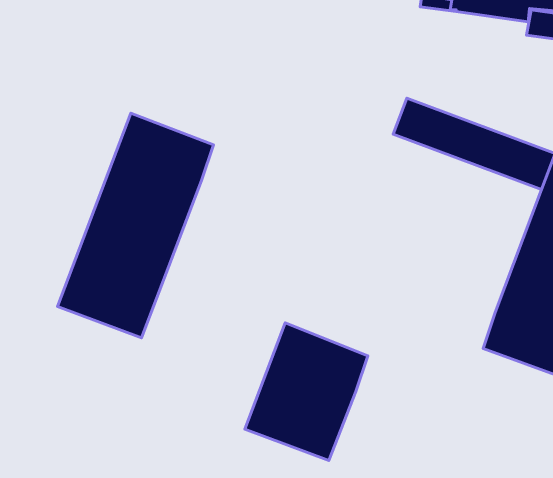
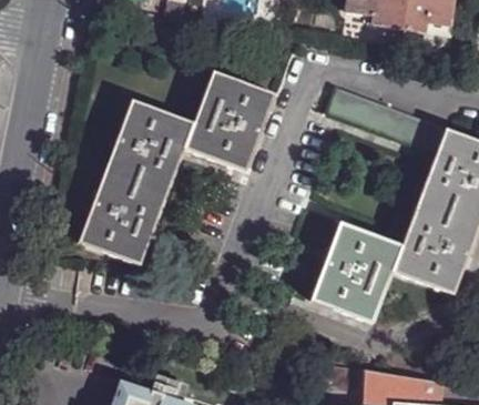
building: none -> [184,71,274,173]
building: [245,323,368,461] -> [310,223,401,325]

